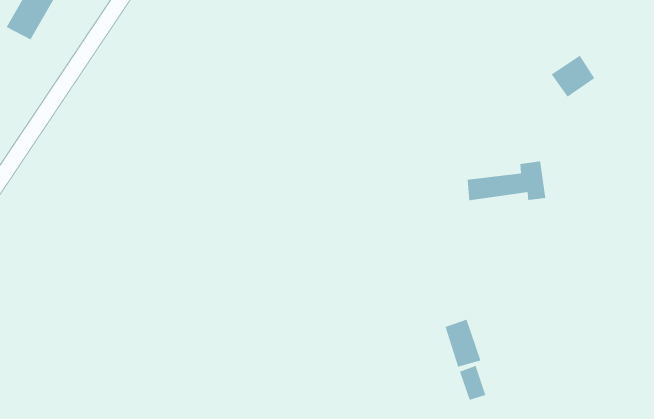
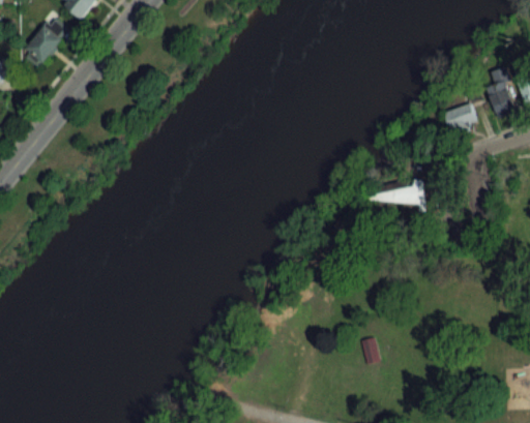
building: none -> [488,79,518,115]
building: [445,319,481,367] -> none

